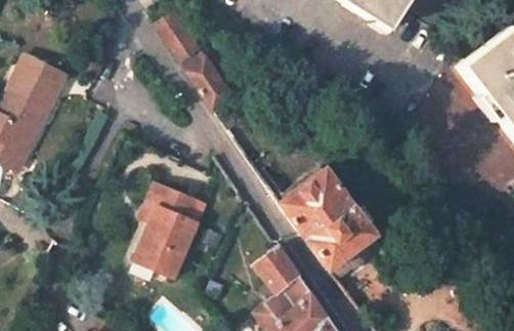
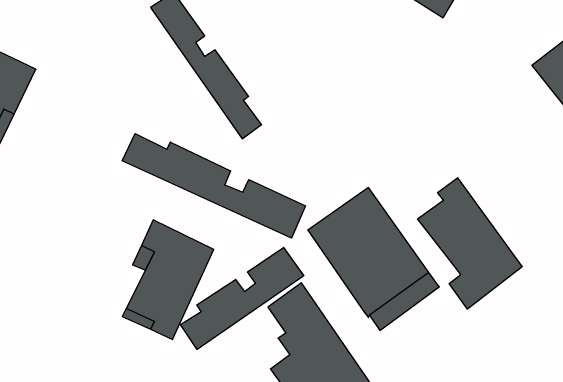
building: none -> [122,134,305,238]
building: none -> [418,178,522,309]
building: none -> [180,247,304,349]

